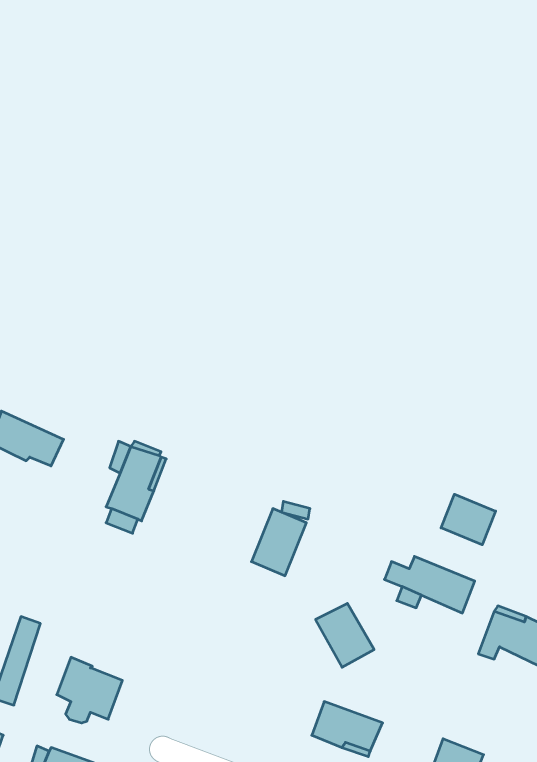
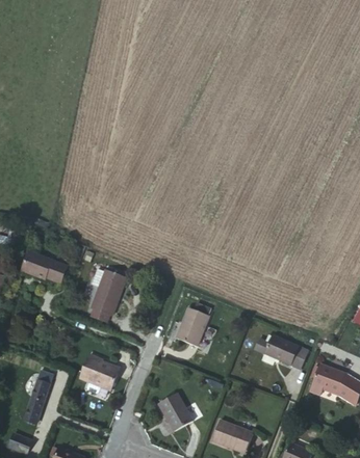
building: [441,494,496,545] -> none
building: [316,603,374,667] -> [158,394,192,431]
building: [57,657,122,723] -> [80,355,119,394]

